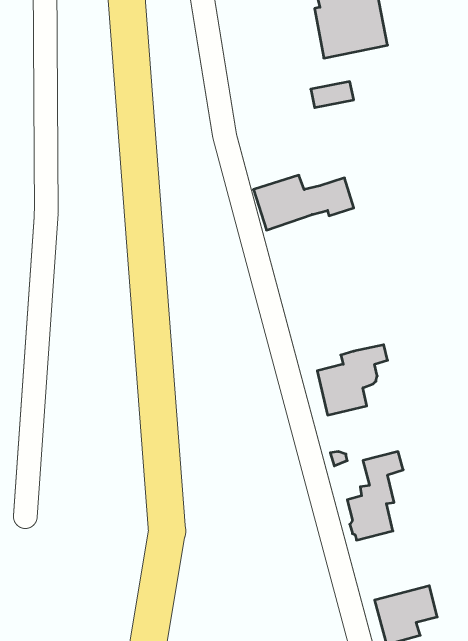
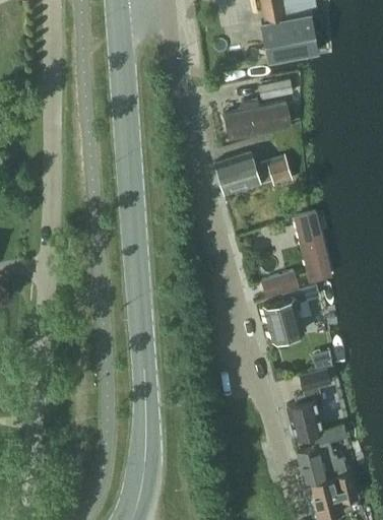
building: none -> [225,100,292,140]
building: none -> [294,212,332,283]
building: none -> [262,272,298,298]
building: none -> [297,427,347,484]

